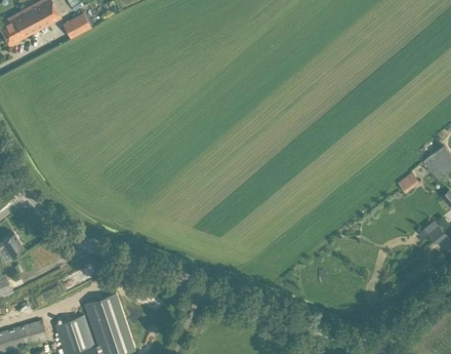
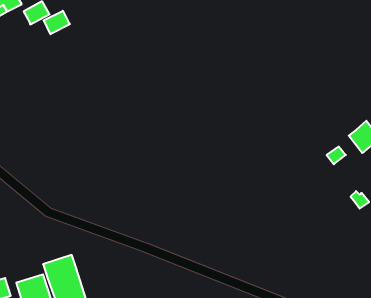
building: none -> [44,11,70,34]

